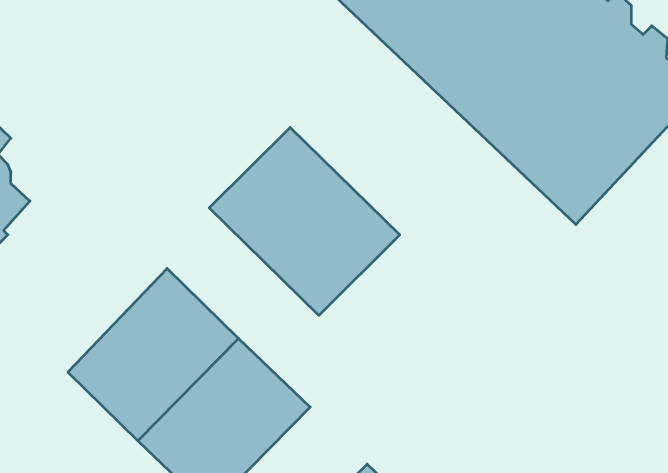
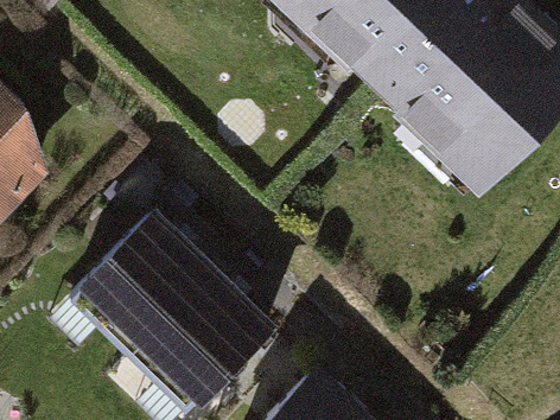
building: [209,127,400,315] -> none

